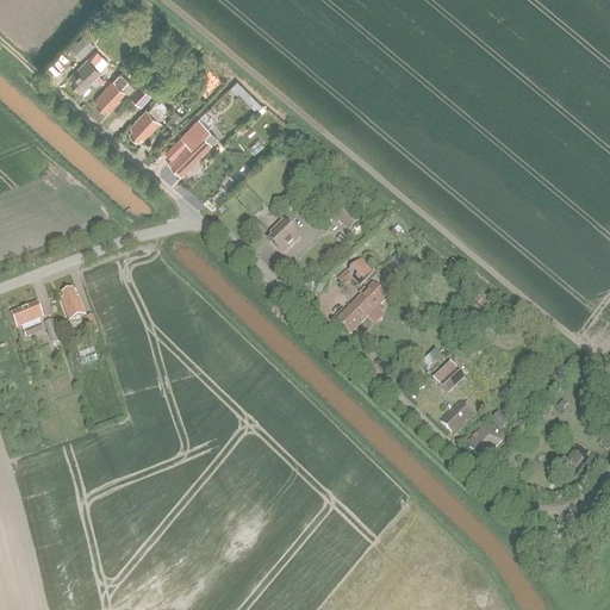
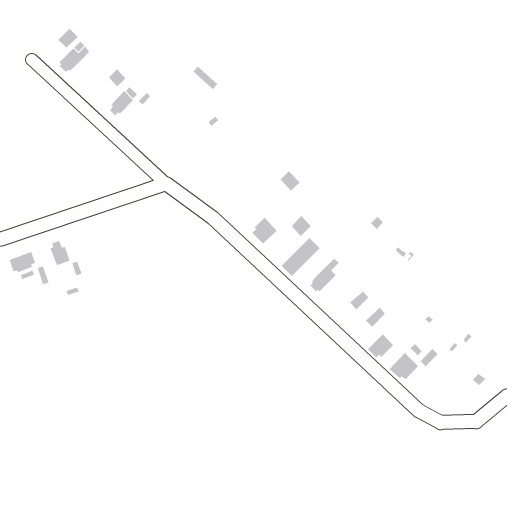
building: [98,71,127,110] -> none
building: [166,119,218,175] -> none
building: [268,220,299,254] -> [252,217,277,245]
building: none -> [310,258,340,293]

